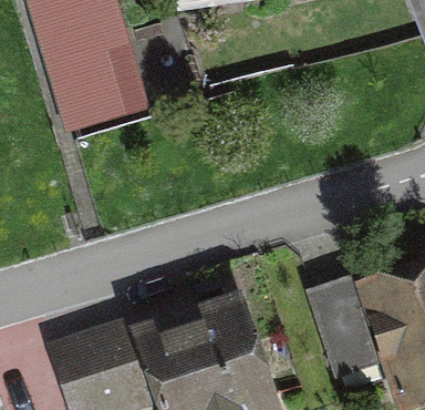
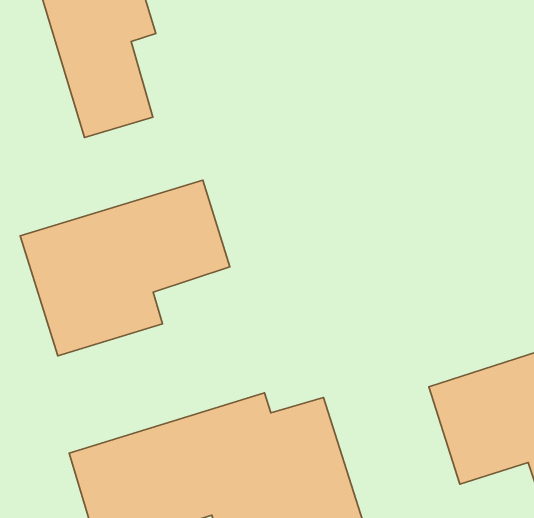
building: none -> [20,180,230,356]

